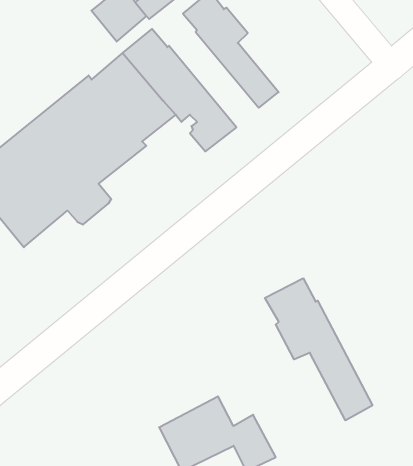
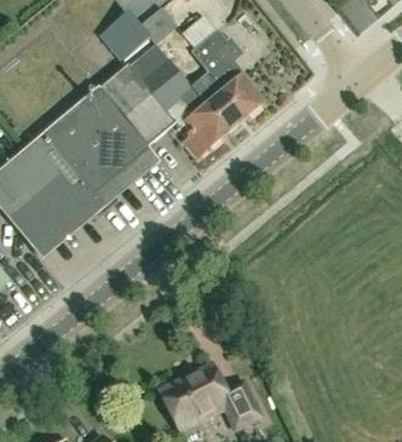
building: none -> [174,51,246,133]
building: [265,278,372,420] -> none

